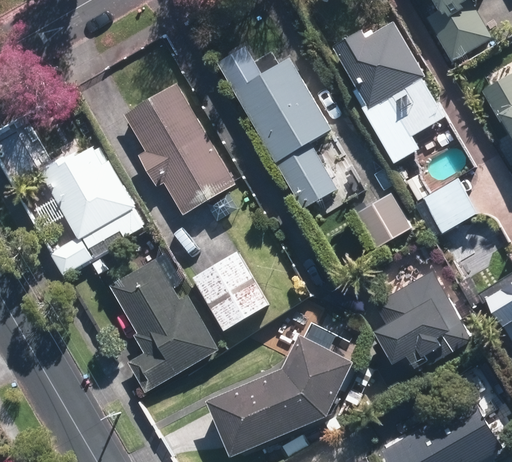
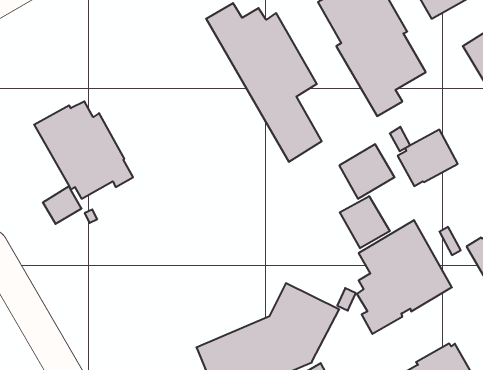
building: [124,82,236,215] -> none
building: none -> [340,196,390,248]
building: [193,251,268,329] -> none
building: [109,257,220,392] -> none

